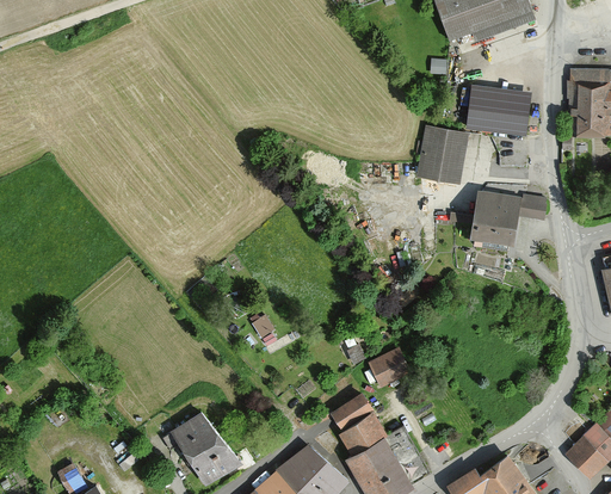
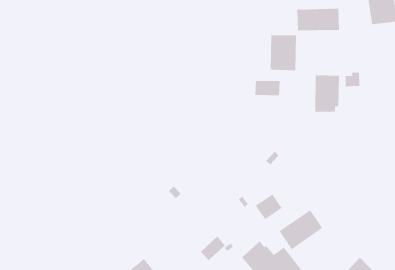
building: none -> [255,80,280,96]
building: none -> [279,210,323,250]
building: [333,394,370,427] -> [200,236,226,261]

